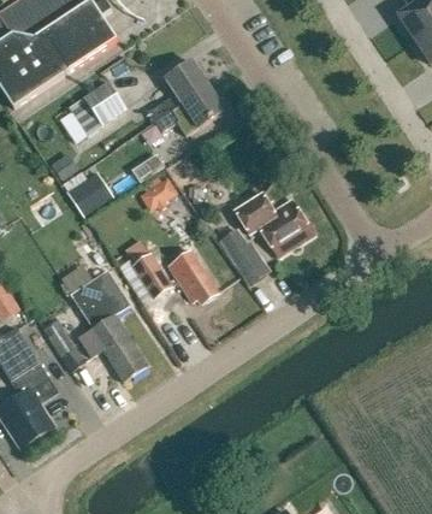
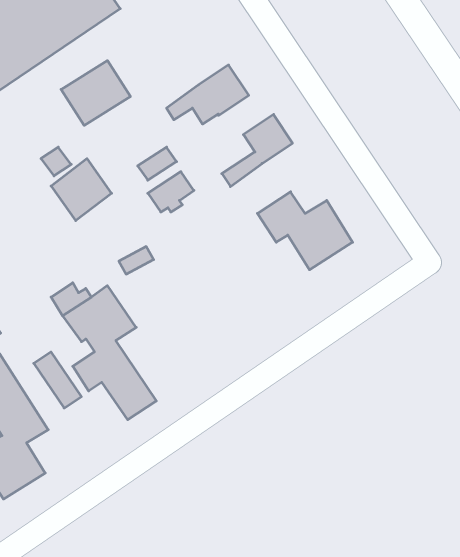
building: [149,61,208,122] -> [222,114,292,187]
building: [230,238,272,284] -> none
building: [168,250,219,303] -> none
building: [136,253,176,296] -> none

